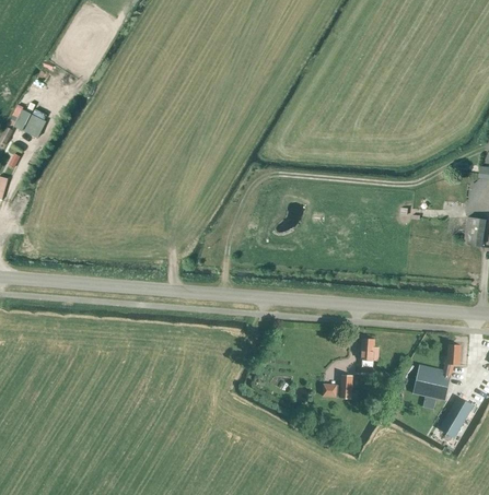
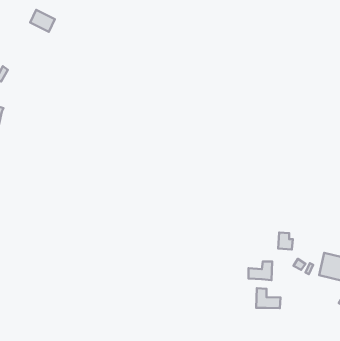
building: [14,109,46,138] -> [30,10,55,32]
building: none -> [256,288,281,308]

